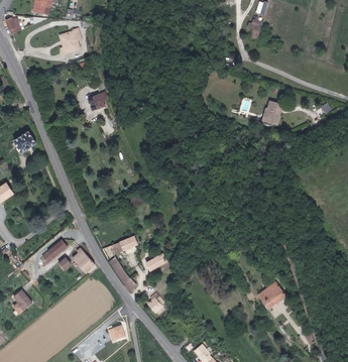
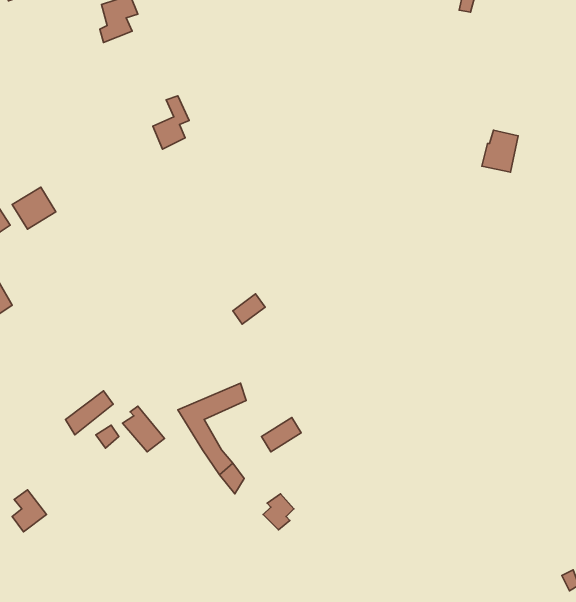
building: [257,281,285,310] -> none

